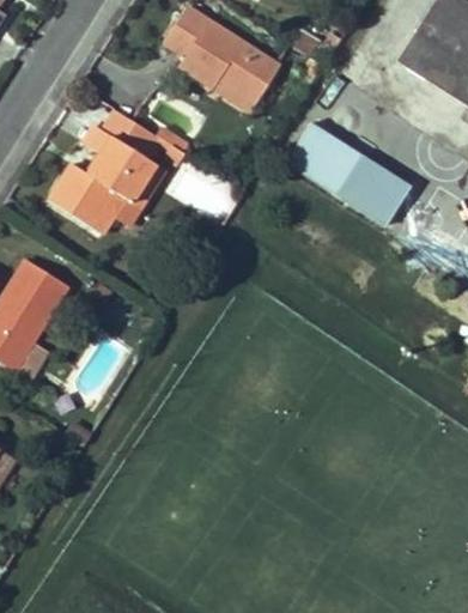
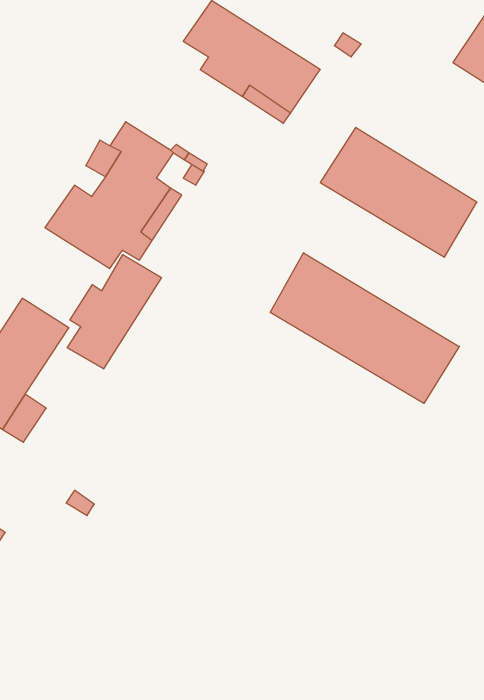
building: none -> [270,253,459,403]
building: none -> [67,255,161,369]

